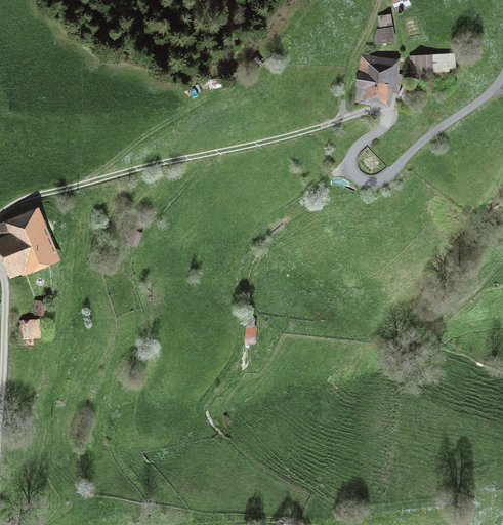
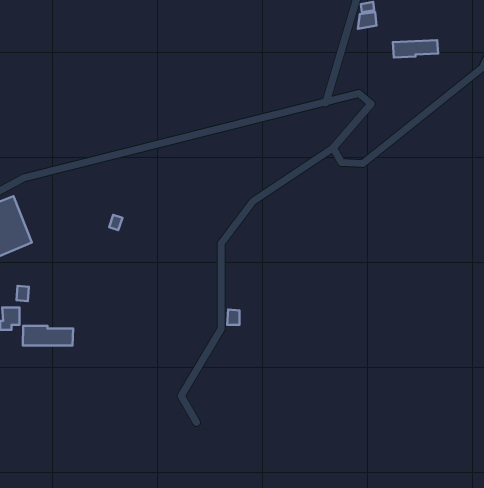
building: [355,55,401,99] -> none
building: none -> [23,326,73,346]

